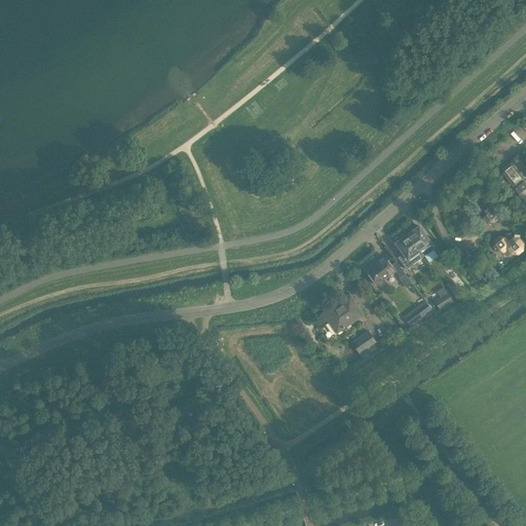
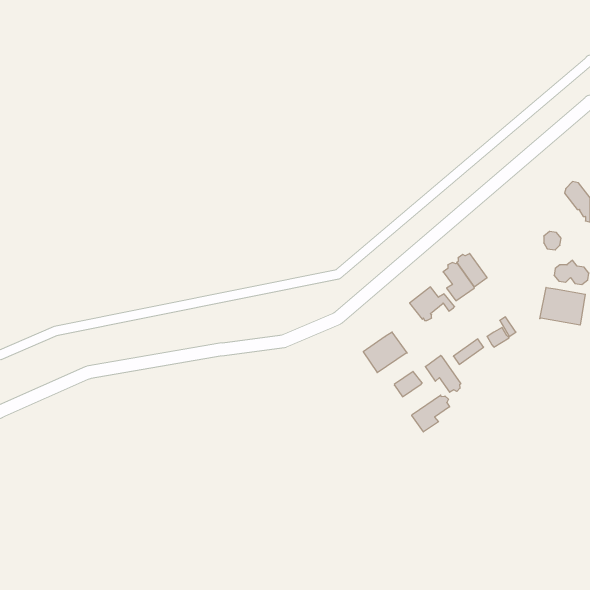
building: none -> [540,287,585,325]
building: none -> [425,355,461,392]
building: none -> [412,395,450,432]

